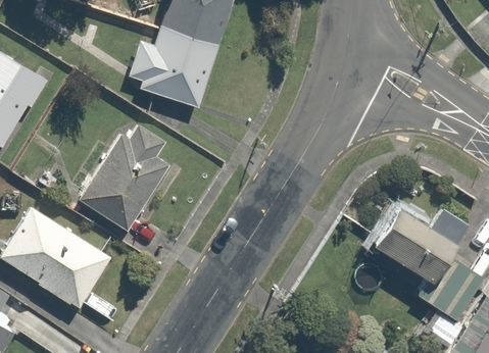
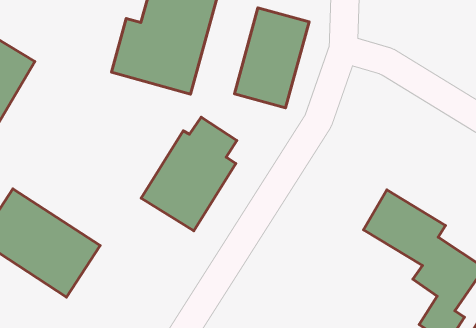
building: none -> [234,8,309,108]
building: [78,122,170,233] -> [141,117,237,231]

